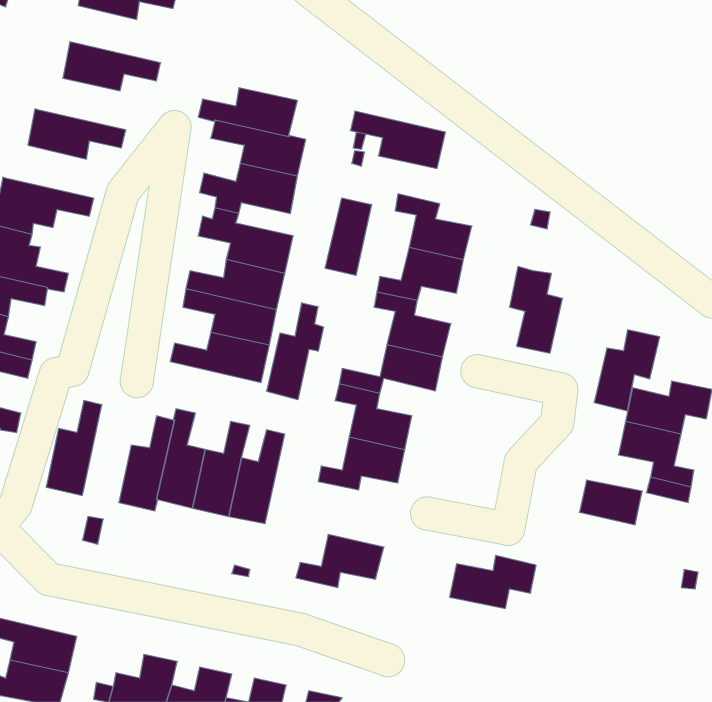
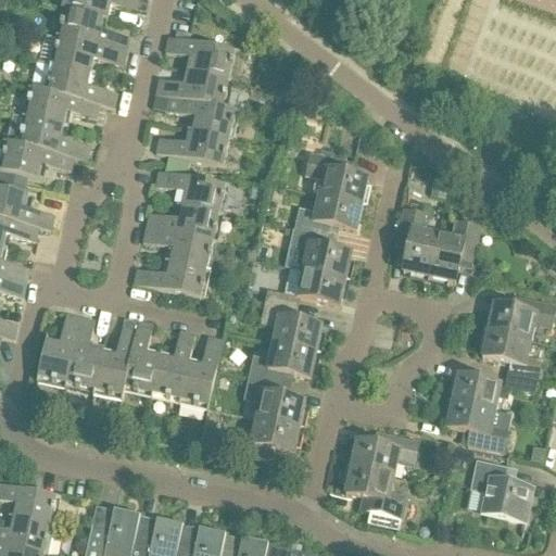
building: none -> [54,4,128,49]
building: none -> [30,58,116,105]
building: [350,111,445,168] -> [164,34,238,78]
building: none -> [5,111,89,157]
building: [325,198,371,276] -> none
building: [267,303,323,400] -> none
building: [594,330,660,411] -> [428,218,479,281]
building: none -> [64,315,102,391]
building: none -> [244,375,304,426]
building: none -> [445,399,509,450]
building: none -> [469,457,531,519]
building: none -> [344,465,404,515]

